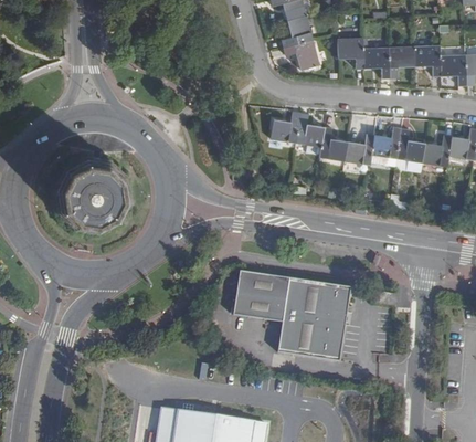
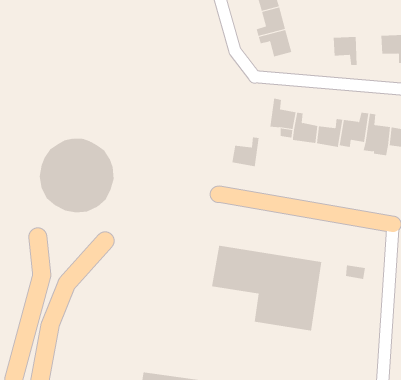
building: [337,39,363,69] -> none
building: [388,46,414,78] -> none
building: [269,112,299,144] -> [232,137,260,167]

